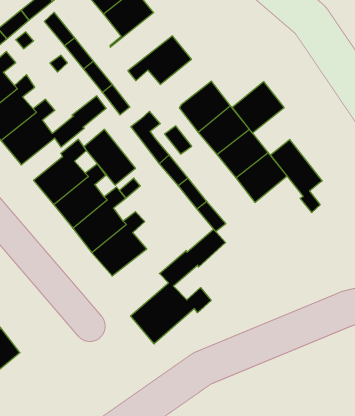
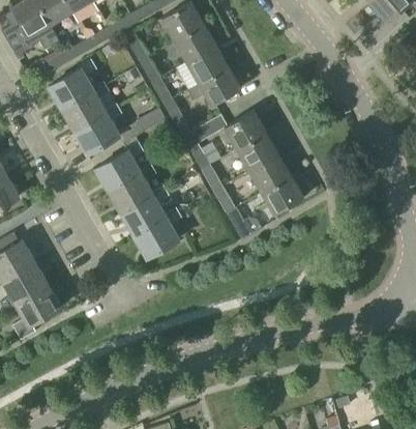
building: none -> [176,46,229,90]
building: [232,82,284,133] -> none
building: [84,129,135,185] -> none
building: [271,139,322,213] -> none
building: [131,229,226,344] -> none

